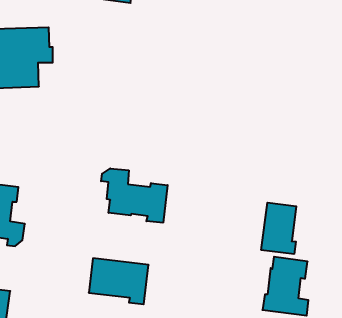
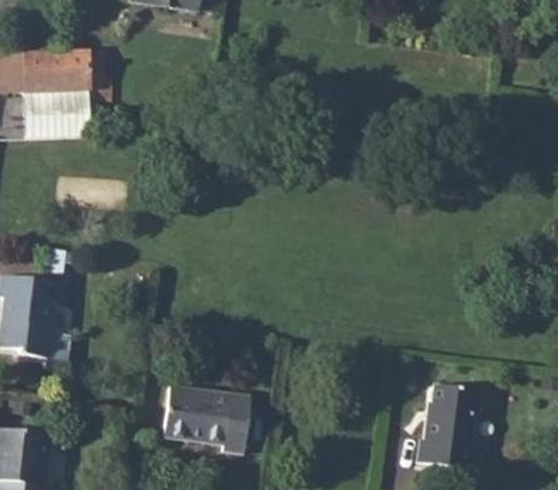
building: [101,168,168,223] -> none
building: [261,203,296,254] -> none

